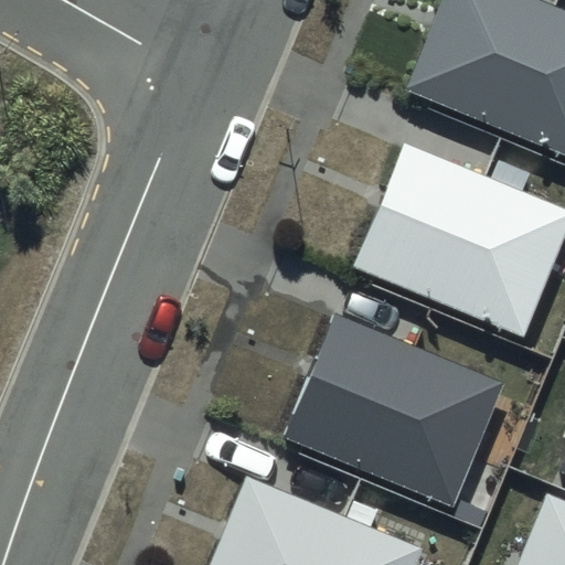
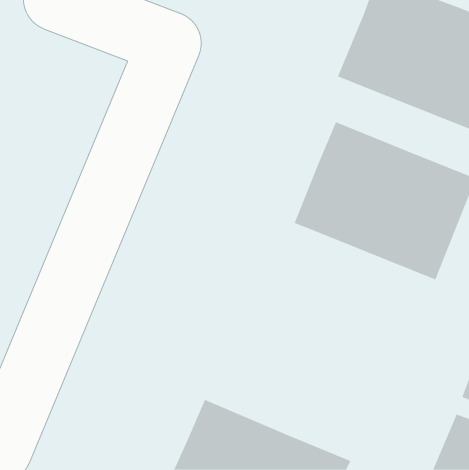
building: [286,319,502,507] -> none

